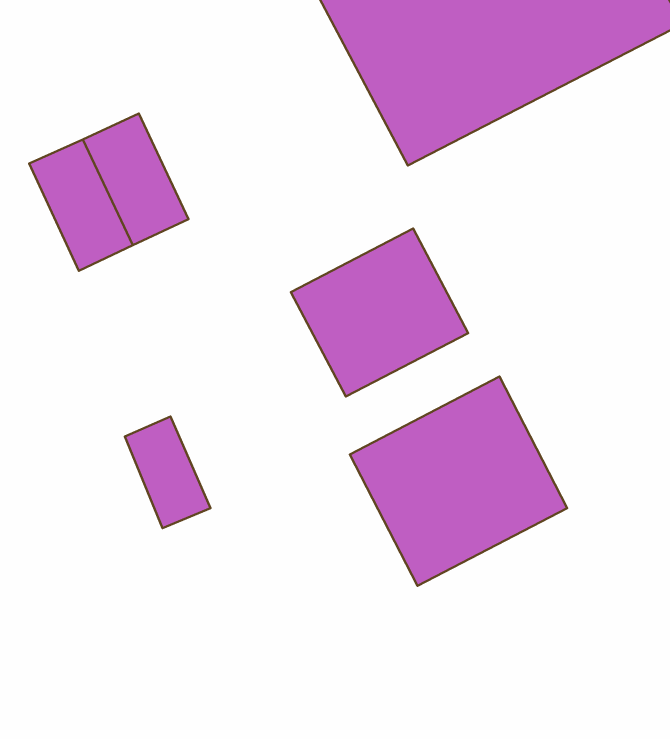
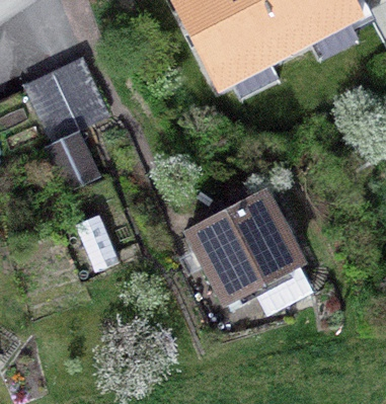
building: [291,229,468,397] -> none

